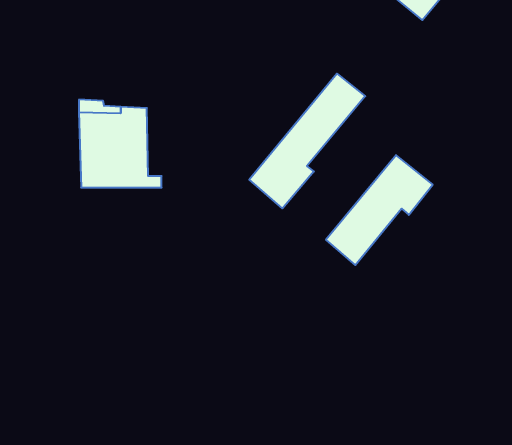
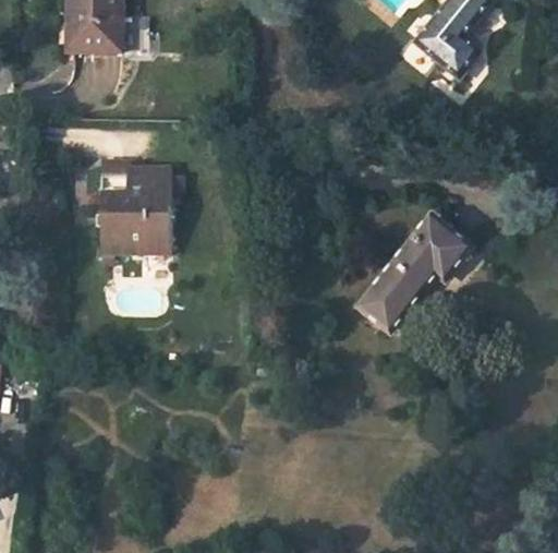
building: [249,74,365,208] -> none

